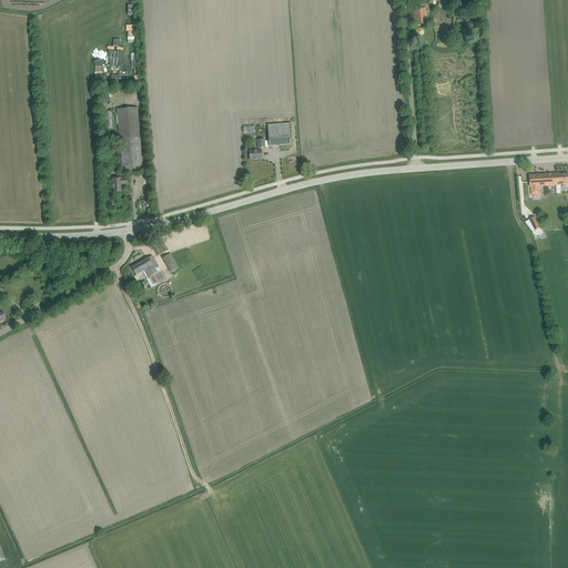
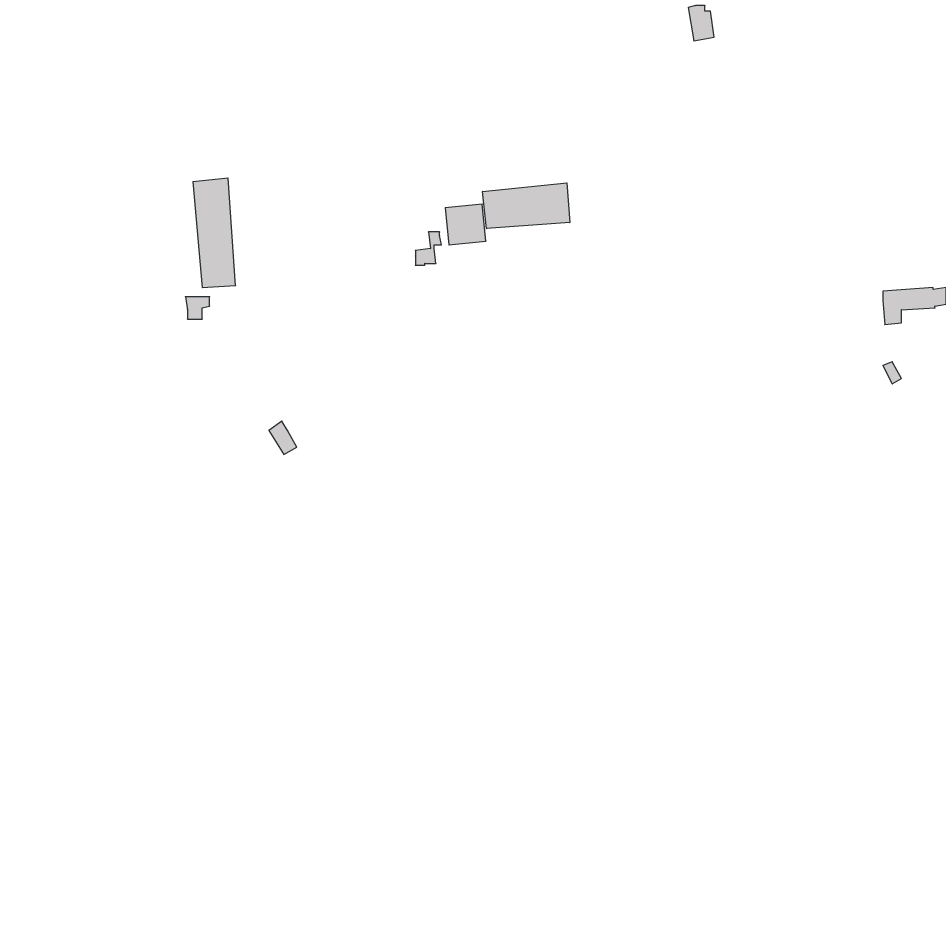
building: none -> [483,183,570,229]
building: [130,254,163,286] -> none

